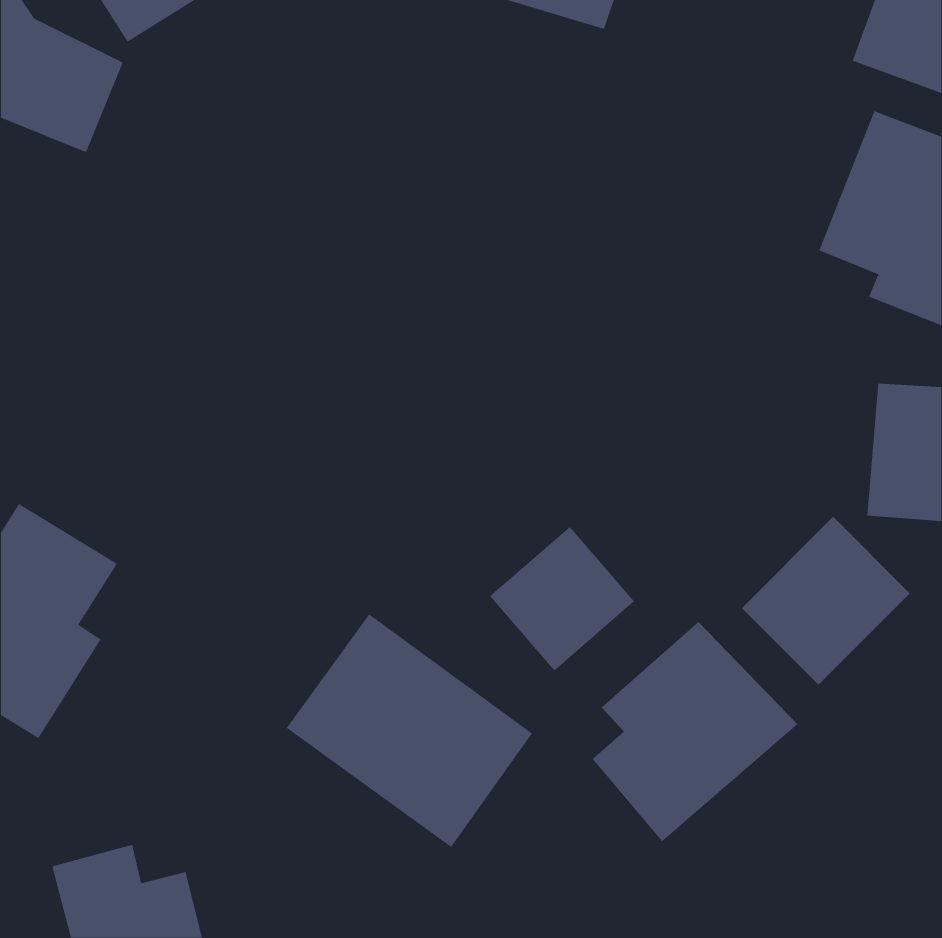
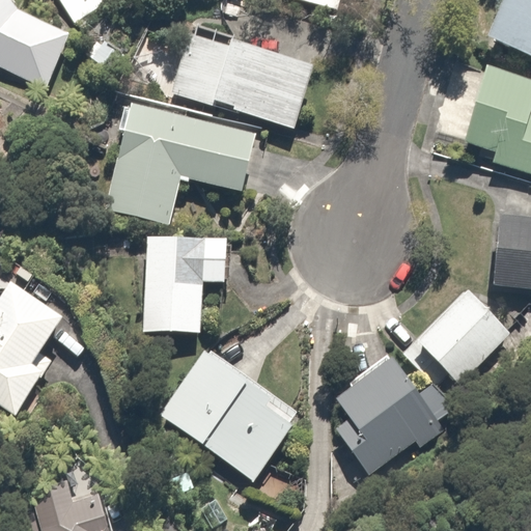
building: none -> [165,26,323,131]
building: none -> [108,97,259,221]
building: none -> [138,235,229,333]
building: [489,526,635,671] -> none

